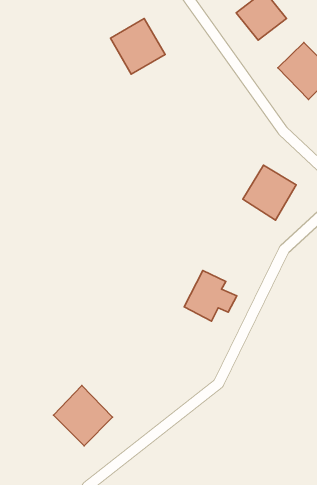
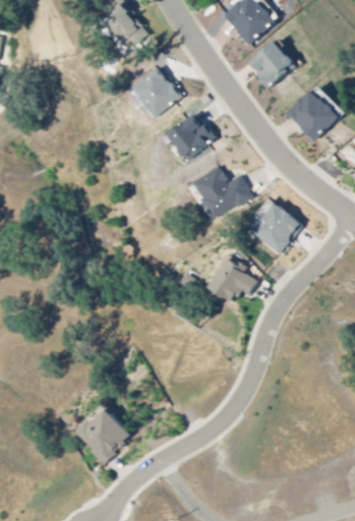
building: none -> [163,112,214,162]
building: none -> [192,166,252,220]
building: [184,271,237,321] -> [209,255,257,302]

